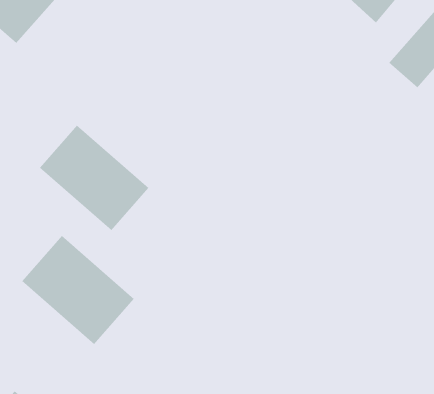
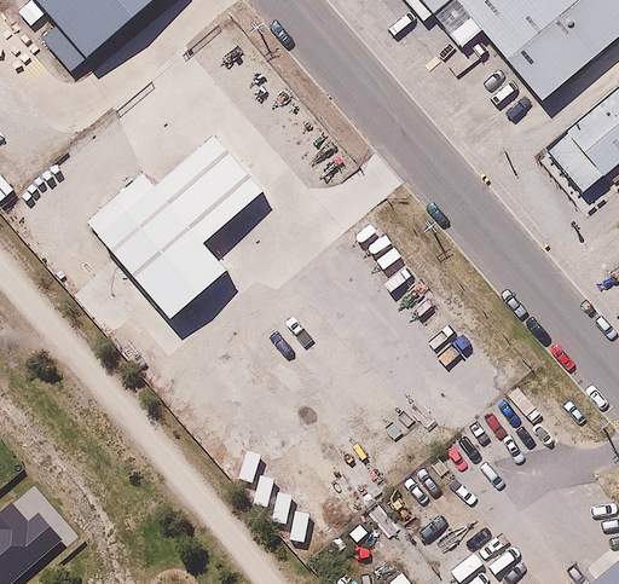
building: none -> [160,138,264,241]
building: [21,235,135,345] -> none

